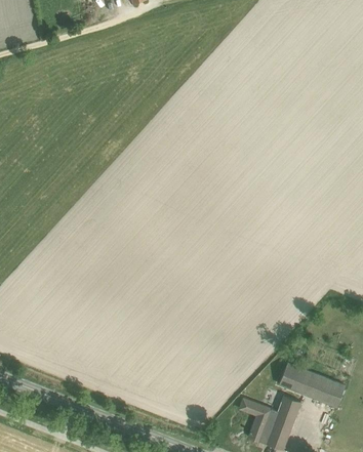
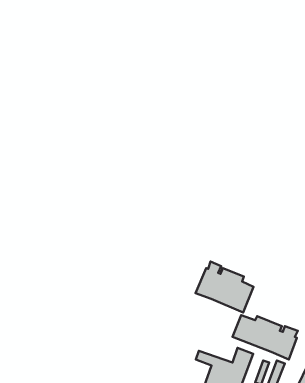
building: none -> [195,261,254,313]

